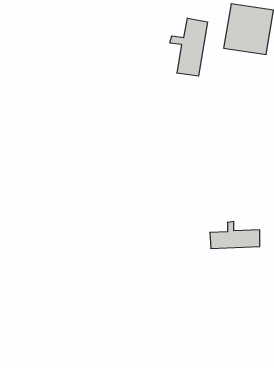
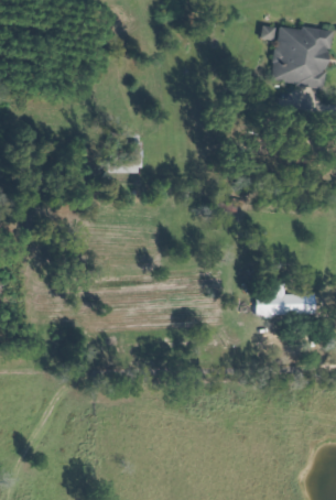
building: [170,18,207,76] -> none

